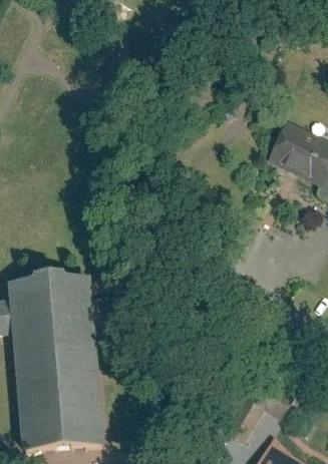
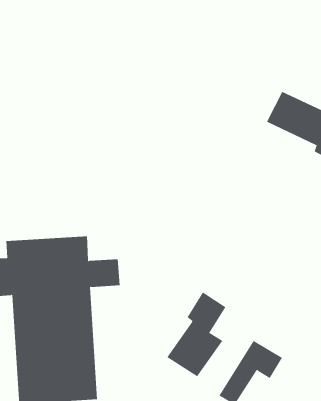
building: none -> [167,292,226,377]

